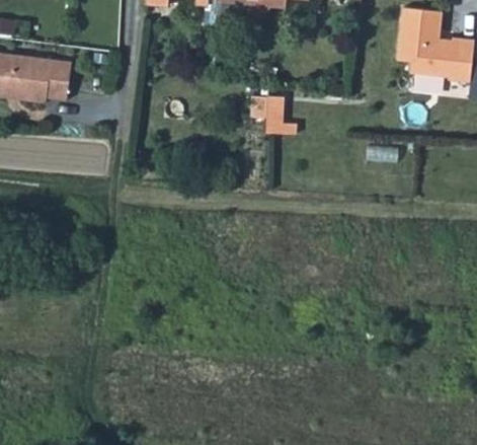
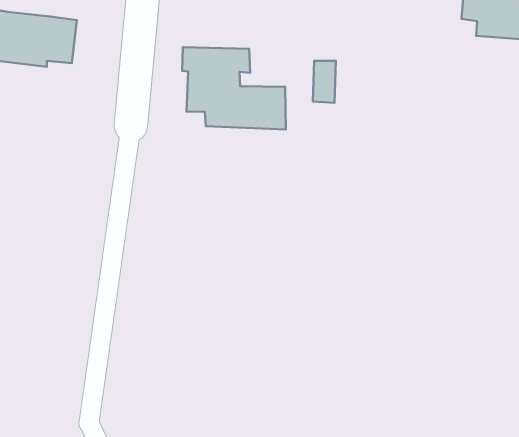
building: none -> [182,47,286,129]

